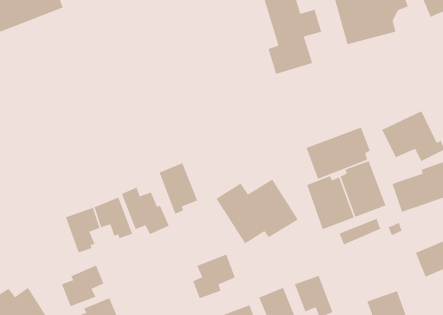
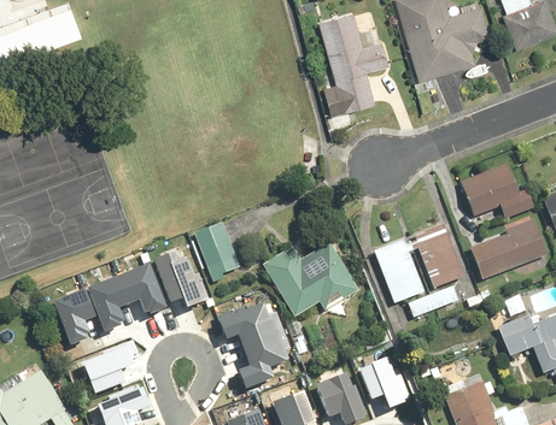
building: [306,126,371,180] -> none
building: none -> [51,288,93,343]
building: none -> [217,303,276,344]

